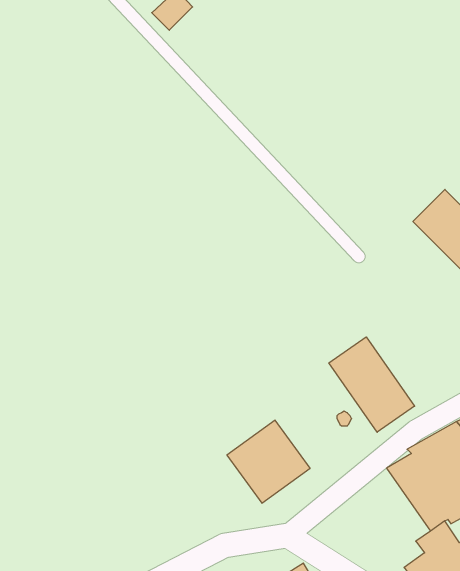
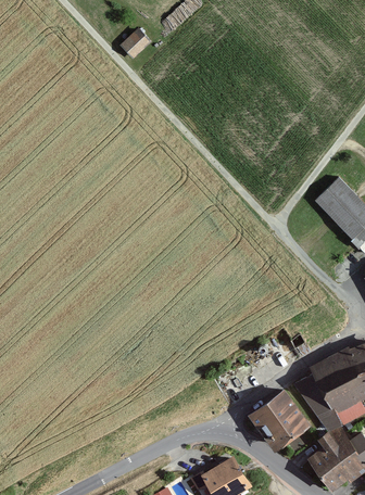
building: [329,337,415,432] -> none
building: [227,420,310,503] -> [249,389,311,450]

